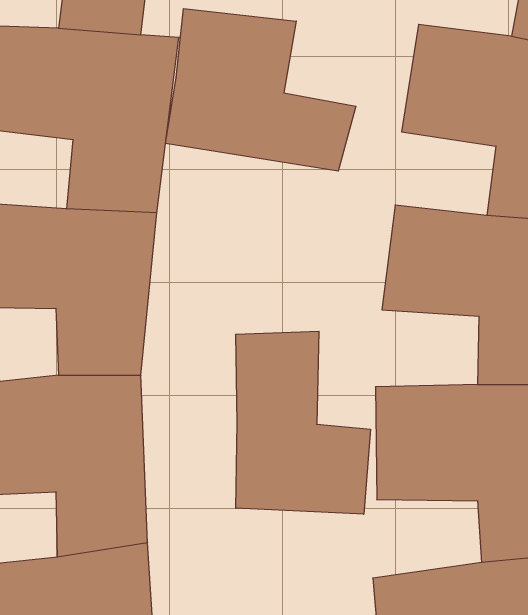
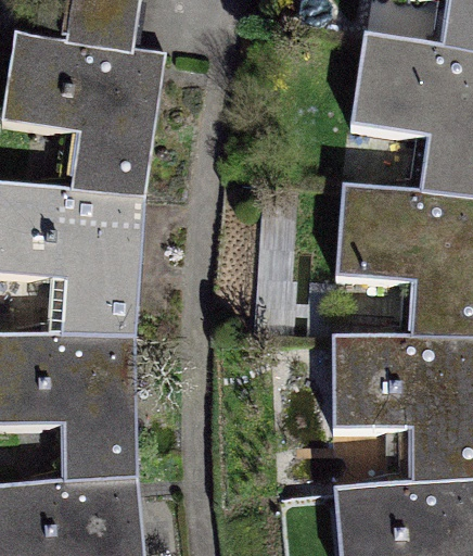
building: [166,9,356,171] -> none
building: [236,331,370,514] -> none

